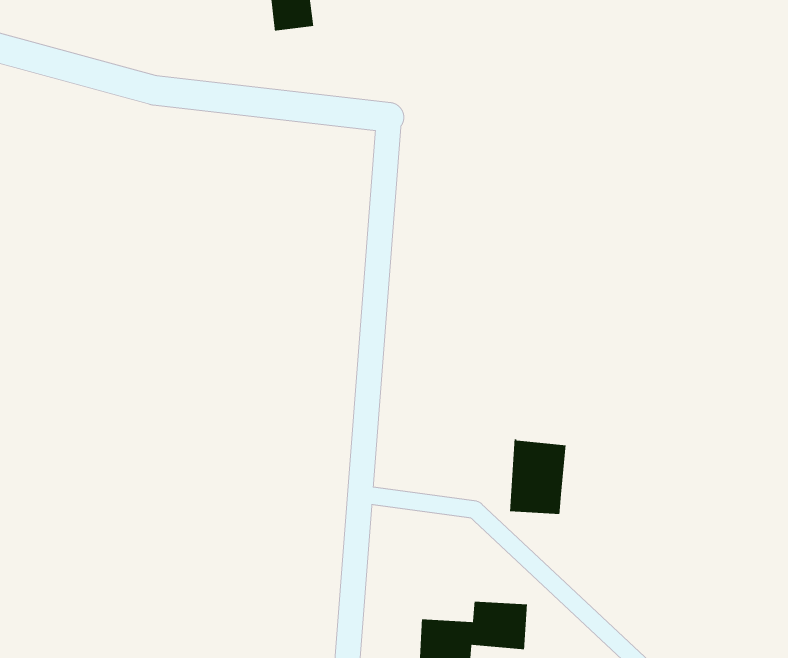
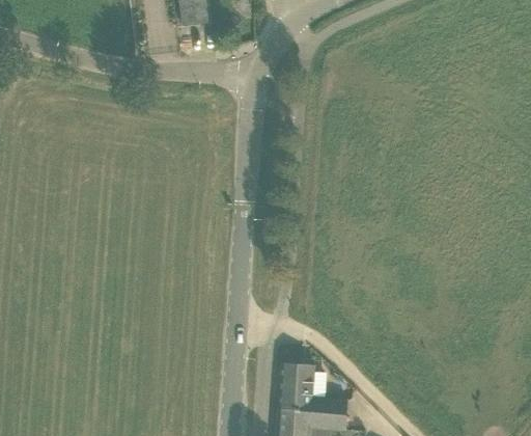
building: [509,438,566,515] -> [279,361,316,411]

